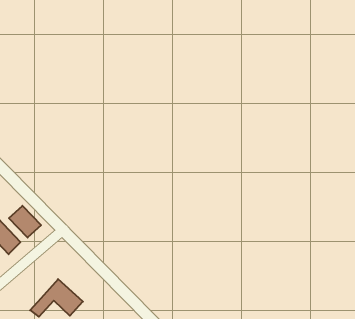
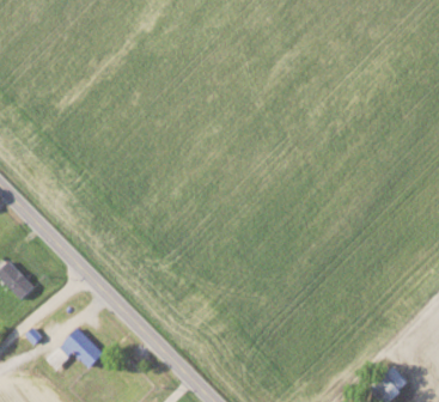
building: [9,206,41,238] -> none

